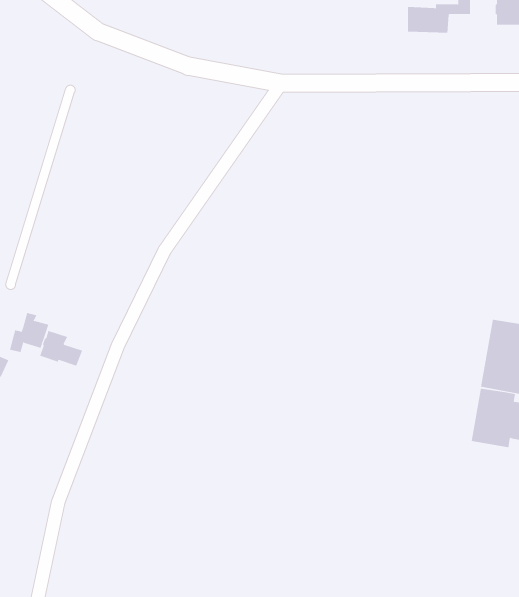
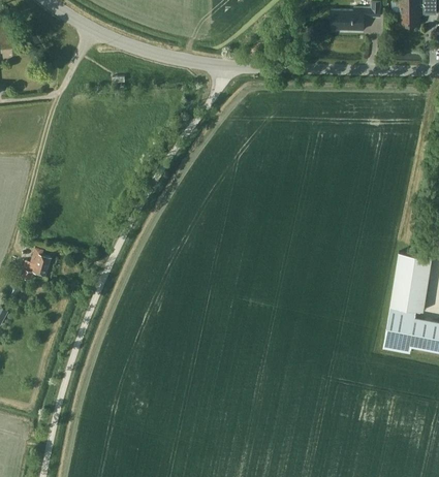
building: [40,330,83,366] -> none

